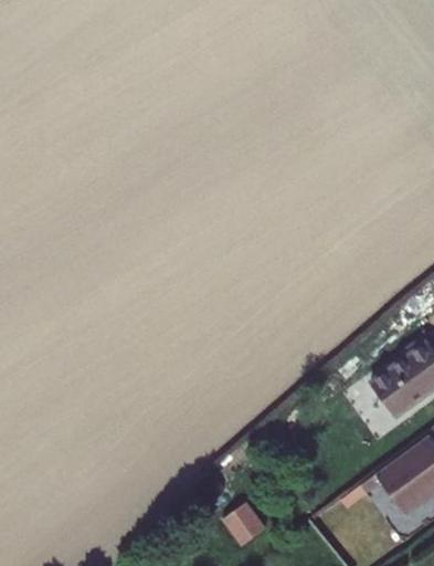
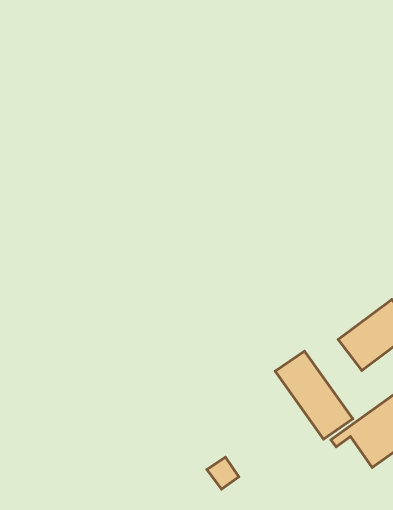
building: none -> [275,351,353,439]

